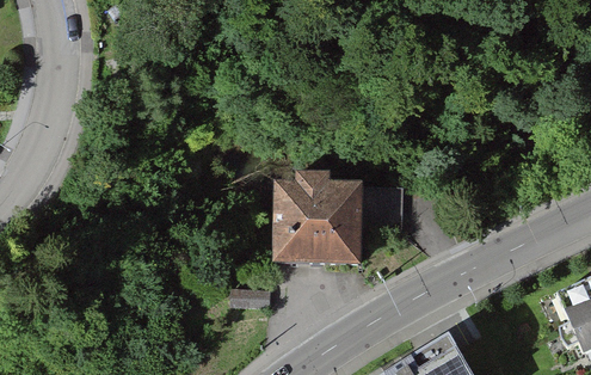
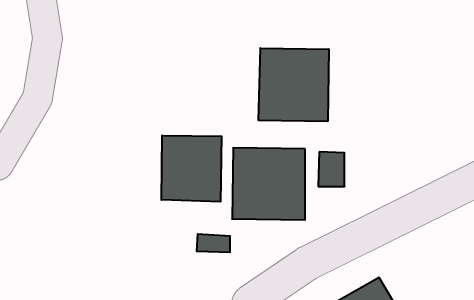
building: none -> [259,48,329,121]
building: none -> [161,135,222,202]

